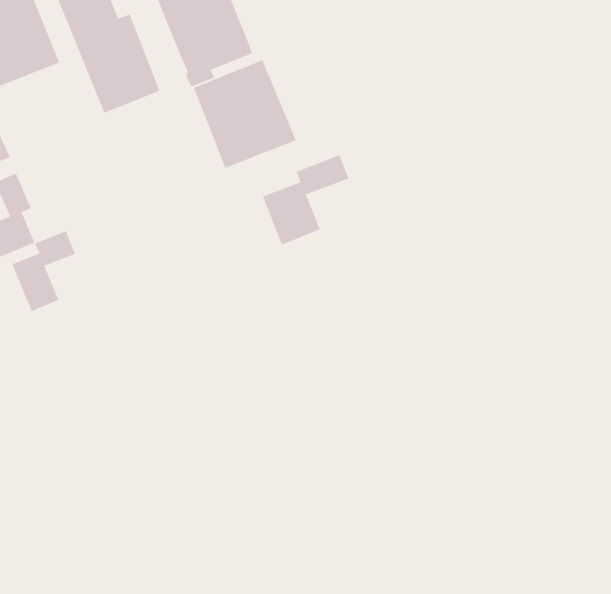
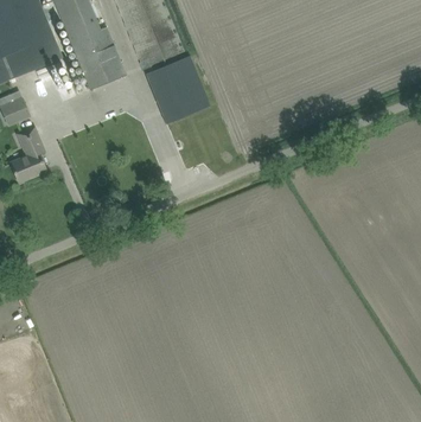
building: [262,154,350,246] -> none
building: [11,230,76,312] -> none

